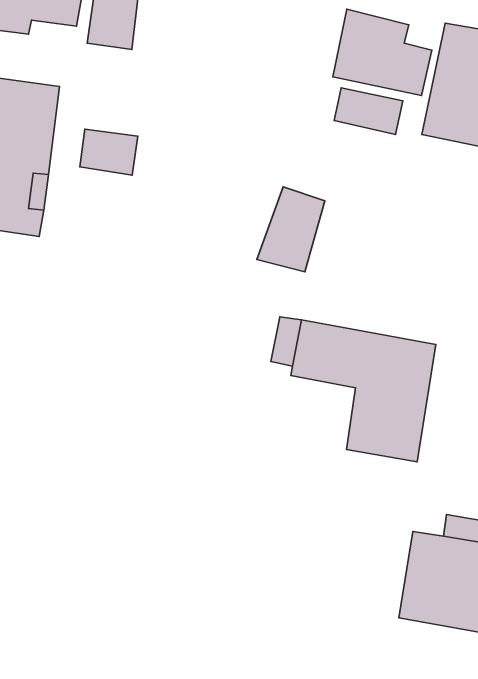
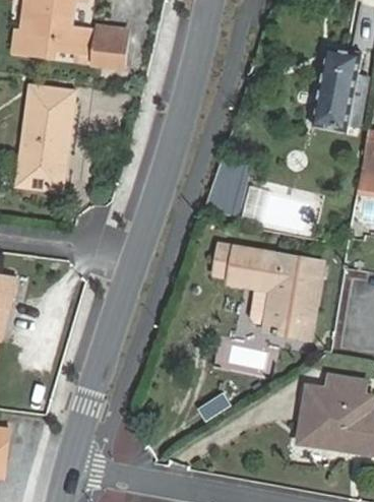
building: [333,9,432,95] -> none
building: [334,88,403,134] -> none
building: [80,129,138,175] -> none

